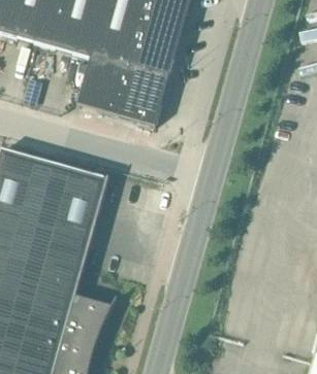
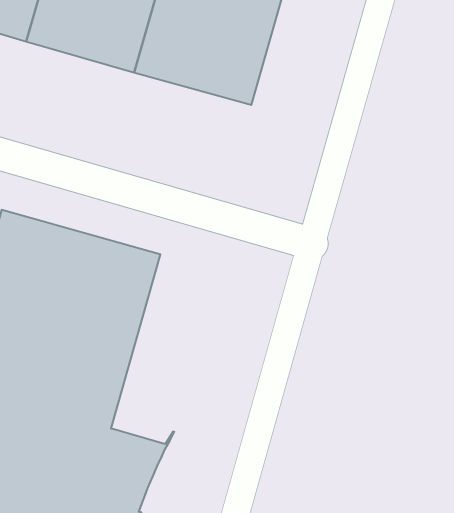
building: [77,58,169,126] -> none

